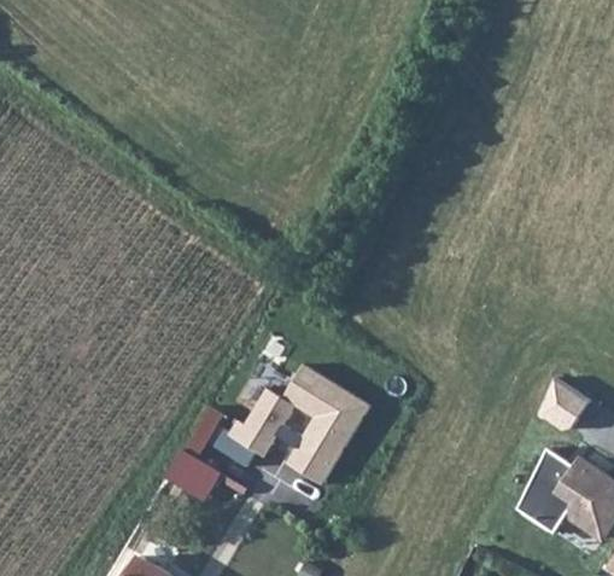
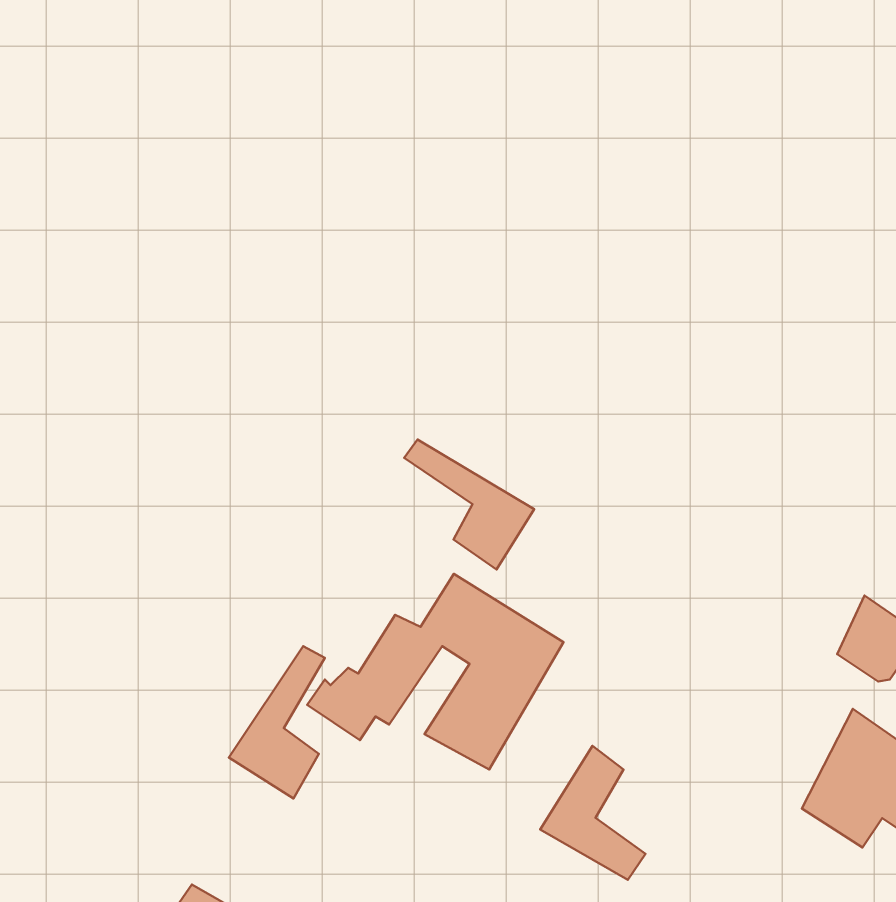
building: none -> [404,439,534,570]
building: none -> [540,746,646,880]

